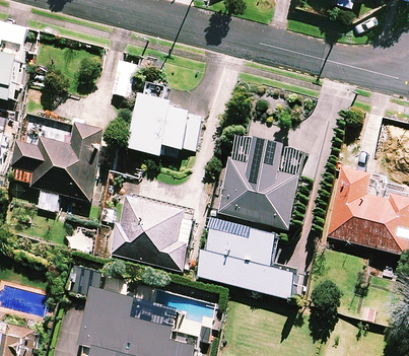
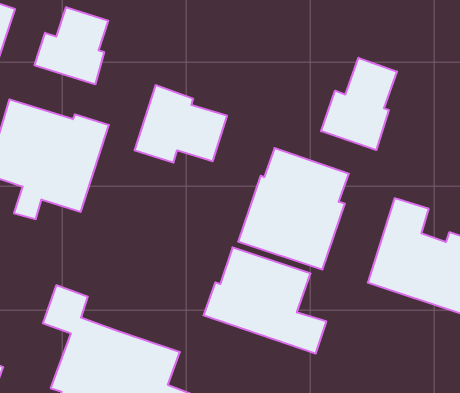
building: none -> [35,7,108,84]
building: none -> [321,58,397,150]
building: [112,195,196,272] -> none

